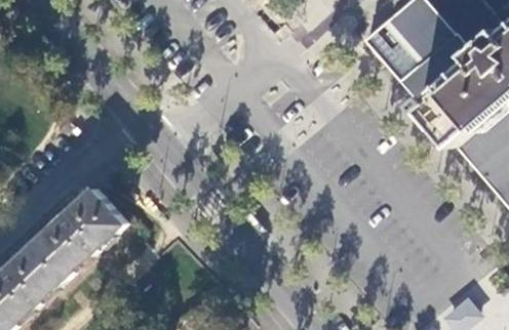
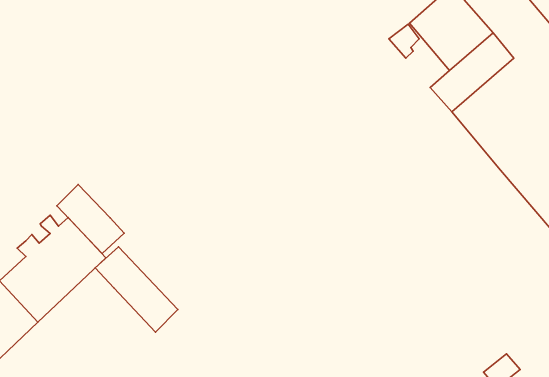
building: none -> [57,184,124,253]
building: none -> [95,247,178,332]

